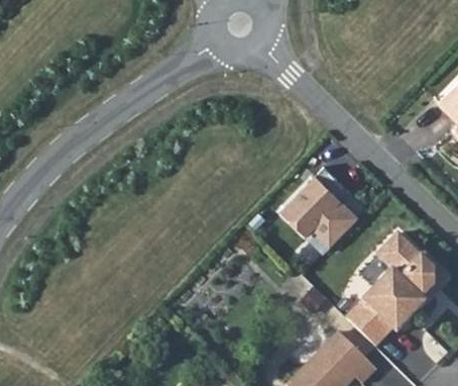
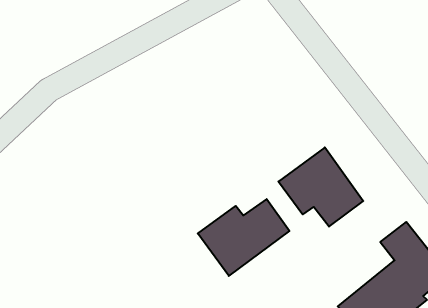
building: none -> [198,199,289,276]

